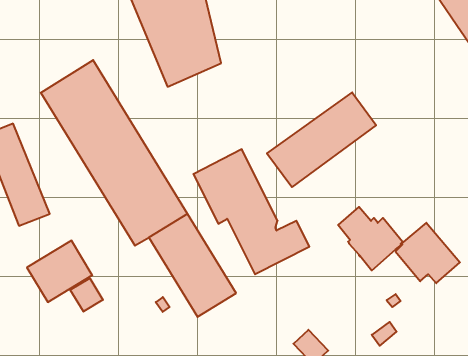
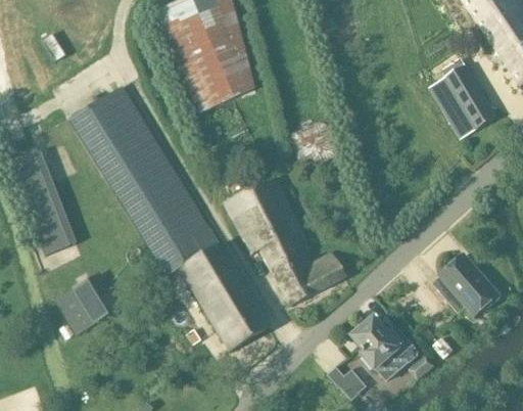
building: none -> [427,56,497,139]
building: [267,92,376,187] -> none
building: [338,207,403,270] -> [353,317,420,382]
building: [70,278,103,312] -> none

